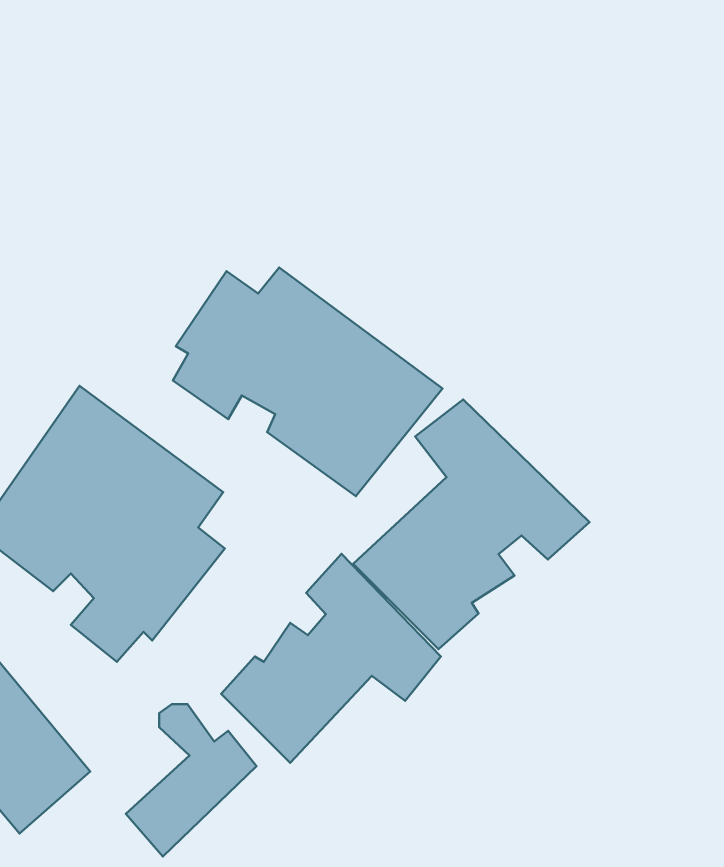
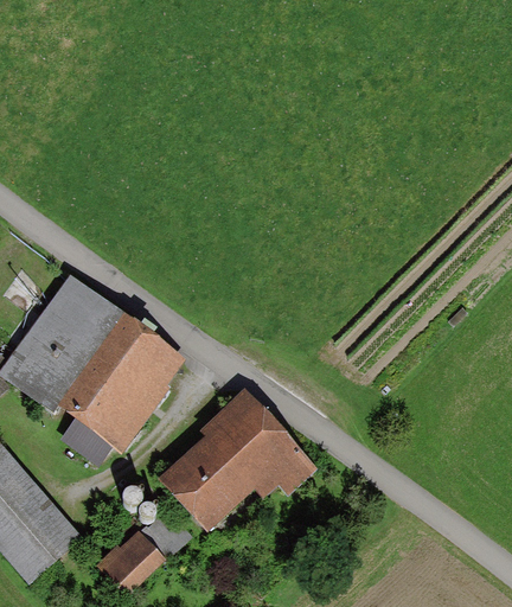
building: [173,268,442,496] -> none
building: [353,399,590,649] -> none

